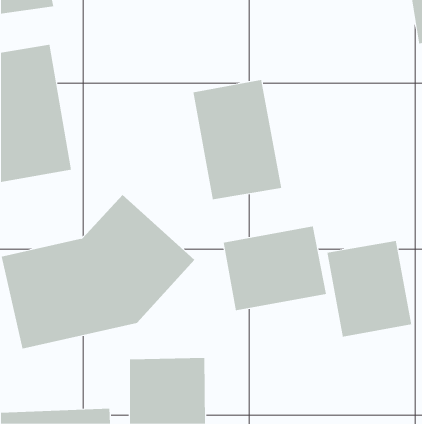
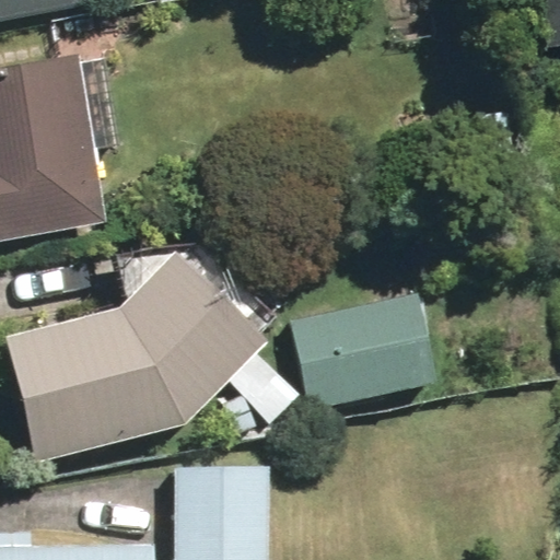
building: [193,79,282,200] -> none
building: [327,240,412,337] -> none

